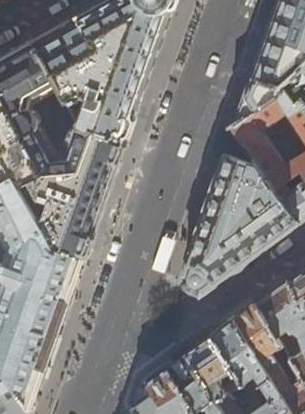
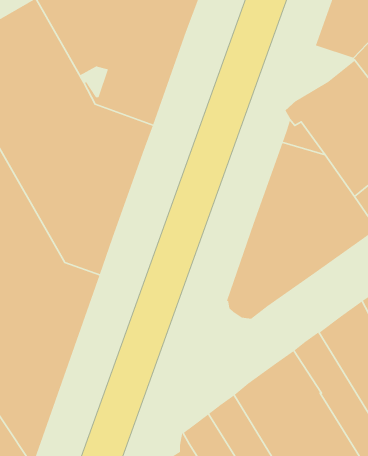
building: [235,80,281,123] -> none

